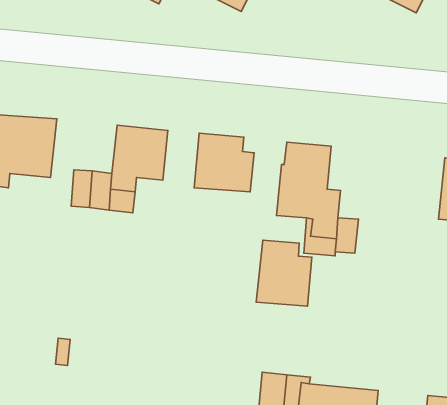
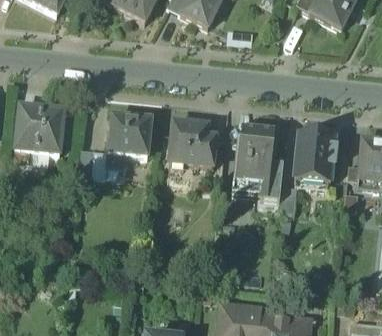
building: none -> [295,128,337,182]
building: [256,240,312,306] -> none

